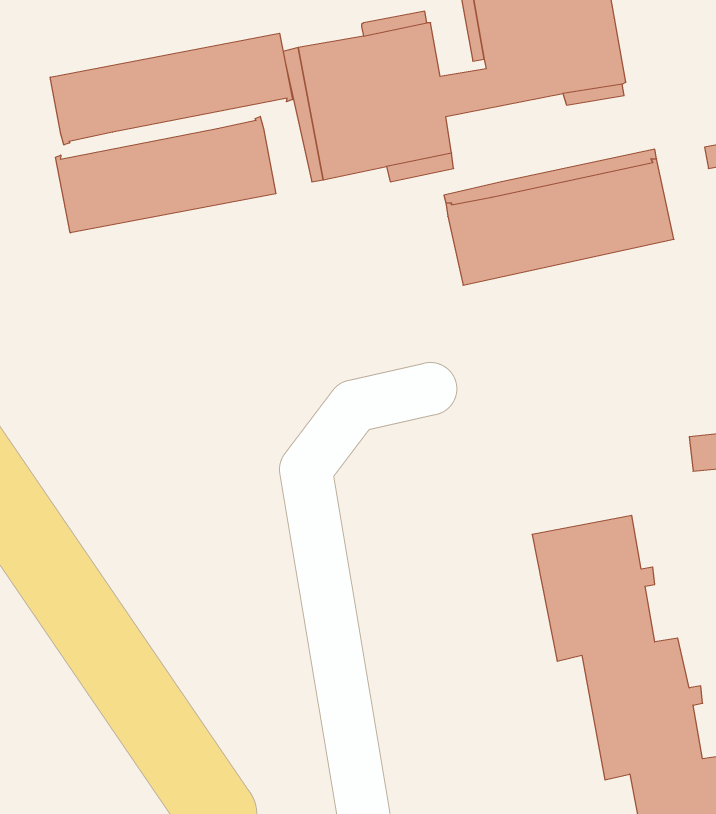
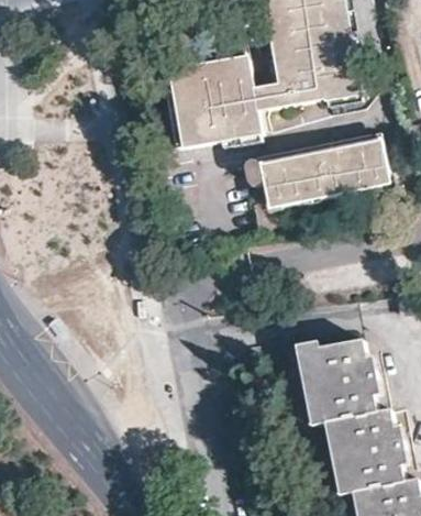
building: [50,33,292,145] -> none
building: [56,116,276,233] -> none

